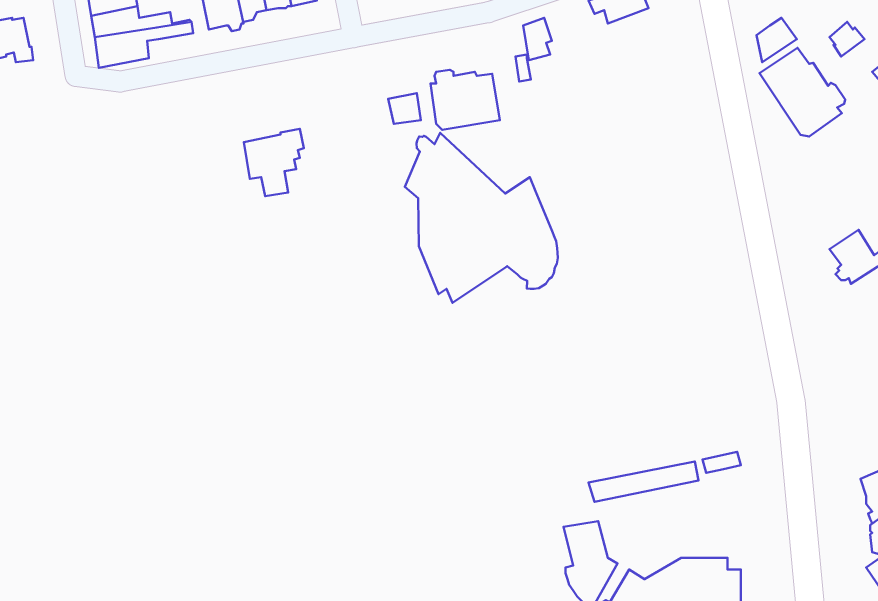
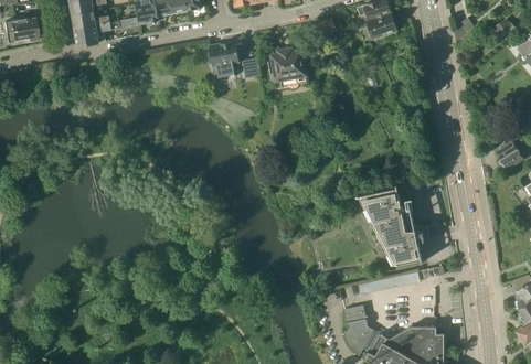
building: none -> [361,11,397,38]
building: [759,48,845,136] -> none
building: [244,129,304,196] -> [210,38,244,76]
building: [405,133,558,303] -> none
building: none -> [351,184,427,266]

